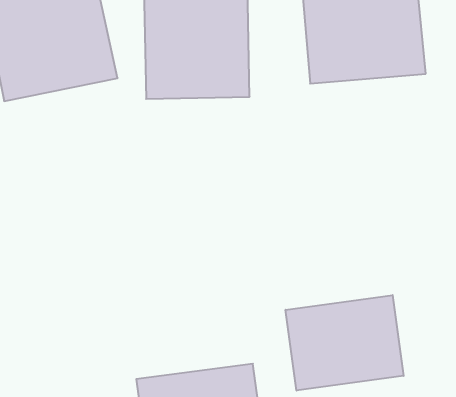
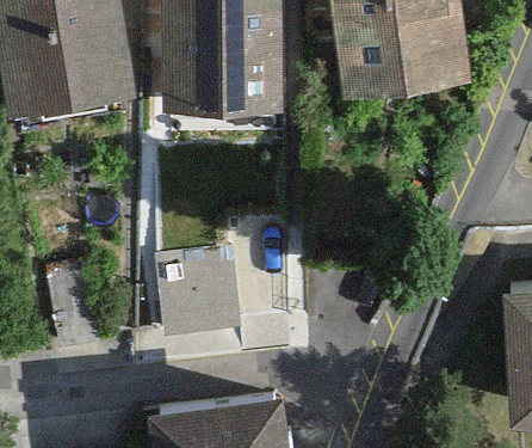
building: none -> [161,244,237,320]
building: [286,295,404,391] -> none

